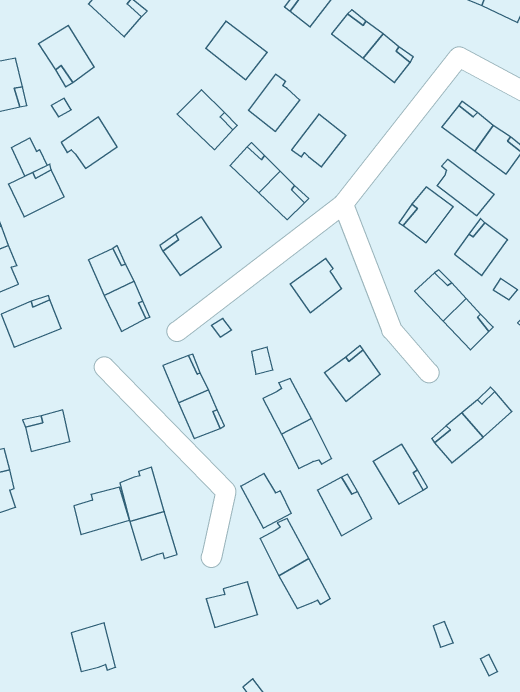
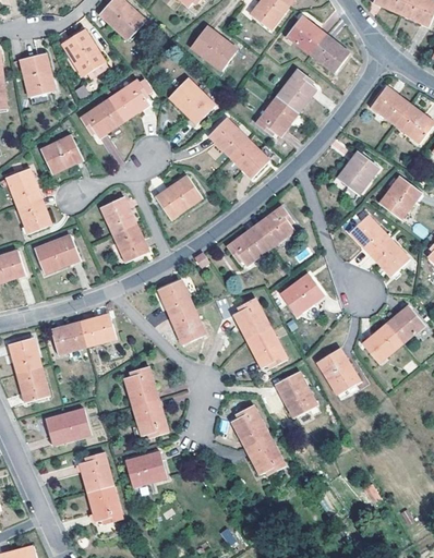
building: [248,74,300,131] -> [276,69,315,112]
building: none -> [108,80,148,121]
building: [11,138,47,176] -> none
building: [437,159,494,216] -> none
building: none -> [227,226,269,265]
building: none -> [81,317,114,345]
building: [241,473,291,528] -> none
building: [74,487,130,535] -> [47,409,89,445]
building: none -> [80,451,112,492]
building: [206,582,258,627] -> [126,451,166,486]

